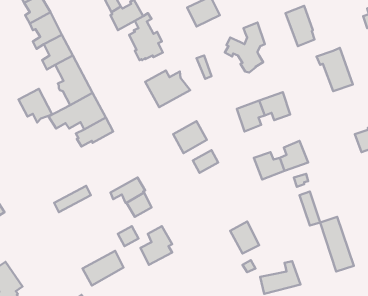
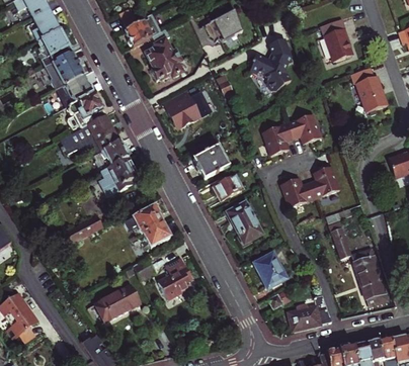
building: [18,89,52,122] -> none
building: none -> [100,156,140,194]
building: none -> [226,201,262,243]

